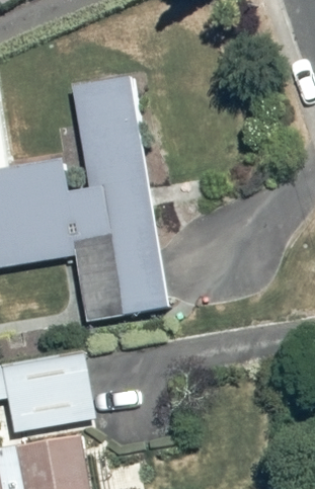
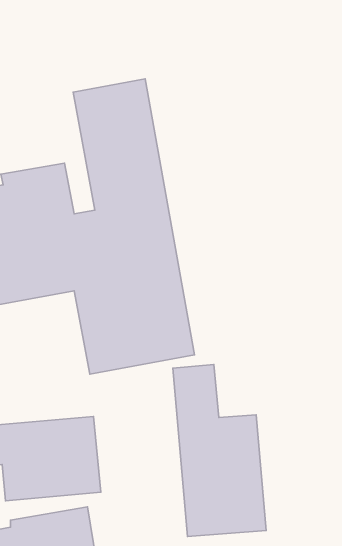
building: none -> [173,365,266,537]

